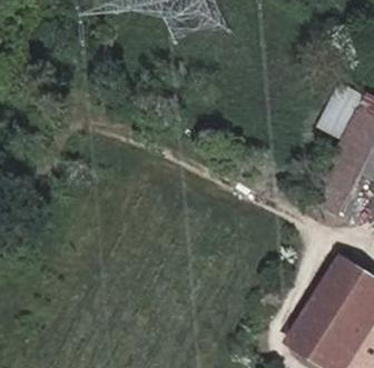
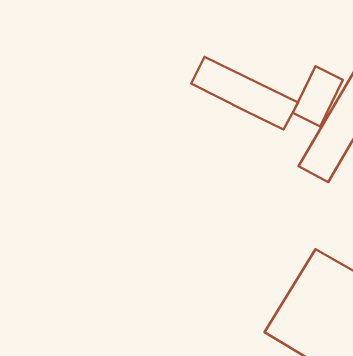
building: none -> [191,57,298,130]

